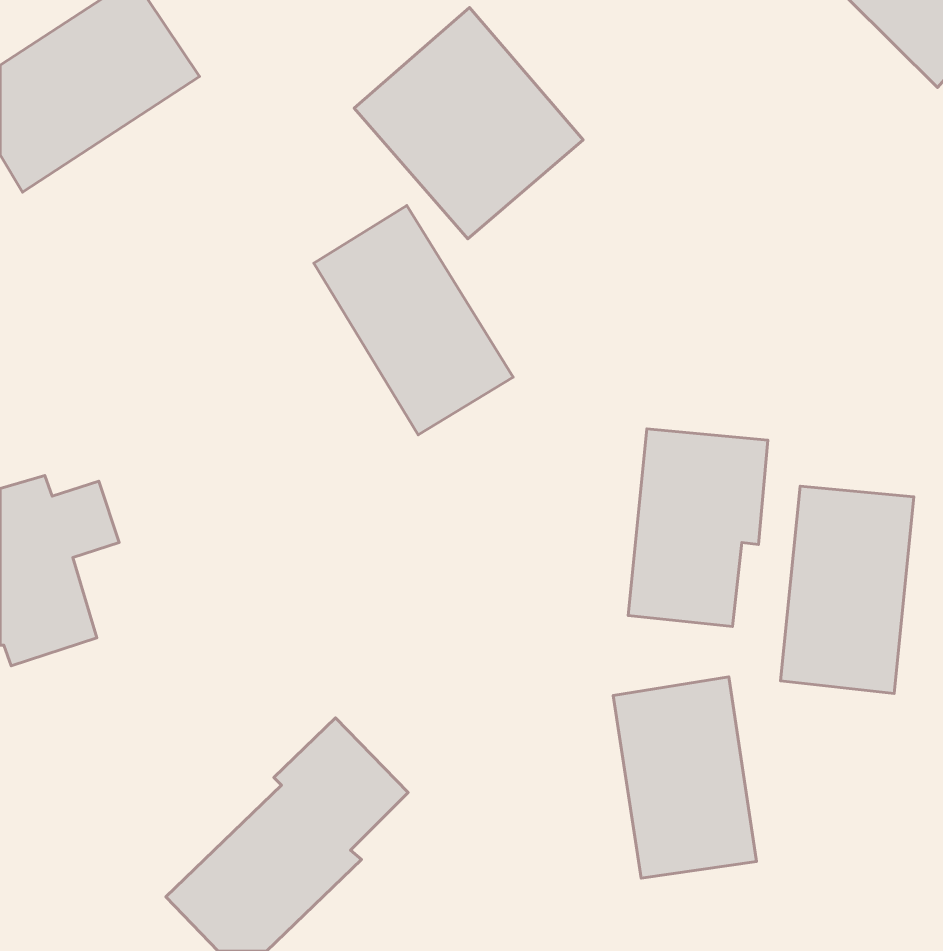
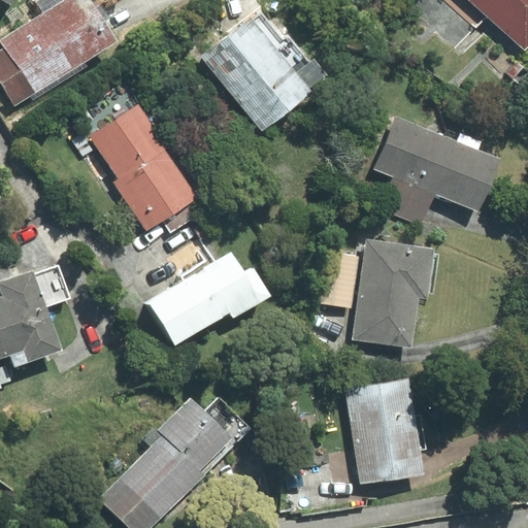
building: [314,205,513,435] -> [89,103,199,230]
building: none -> [372,116,498,228]
building: none -> [143,250,268,348]
building: [780,486,914,694] -> none

